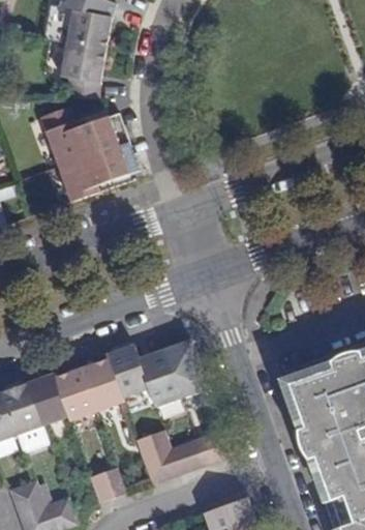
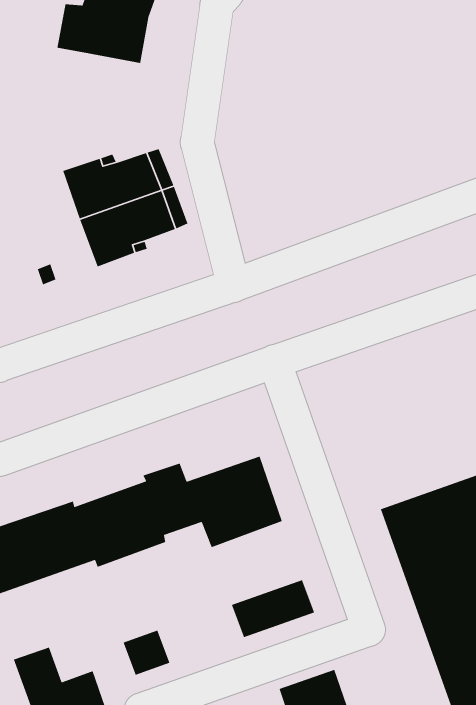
building: [59,42,104,96] -> none
building: [136,430,180,483] -> none

